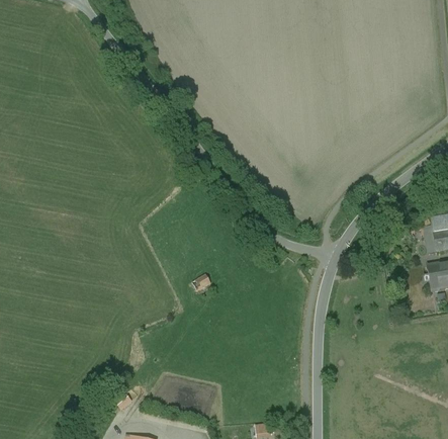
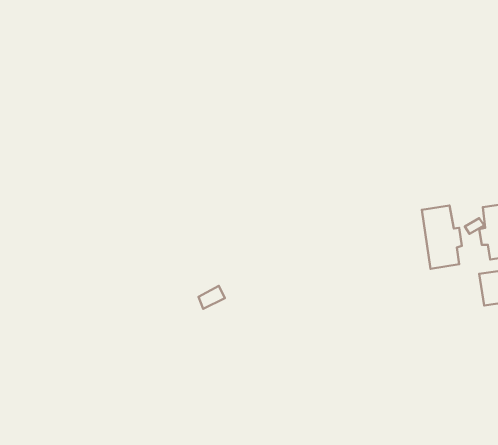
building: none -> [422,205,462,269]

